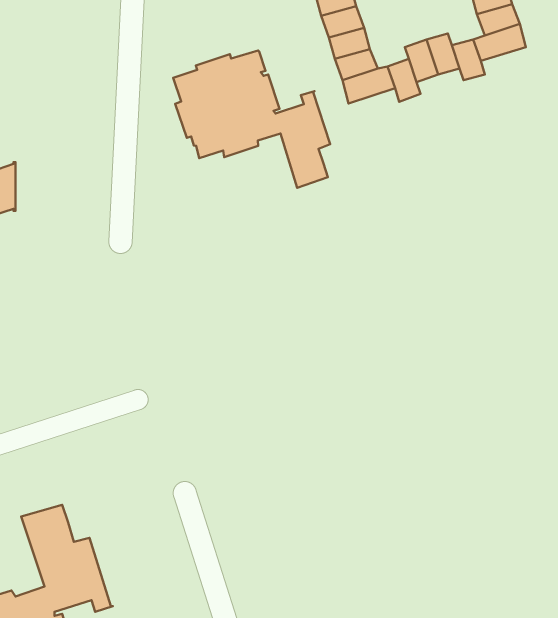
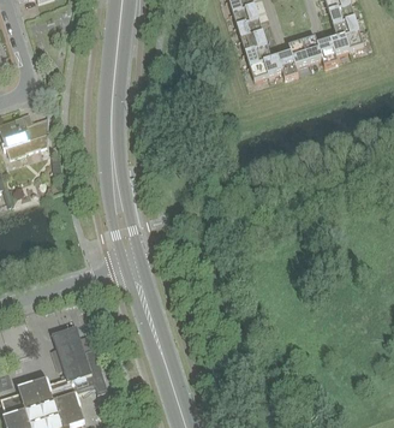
building: [173,50,330,188] -> none

